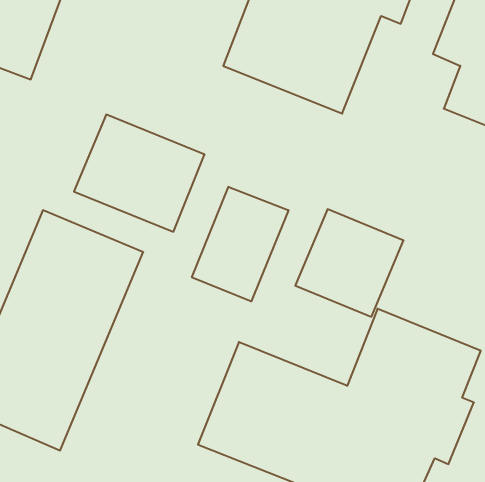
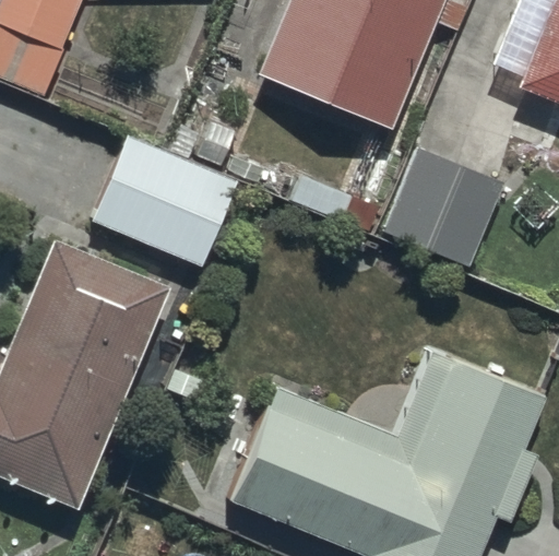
building: [192,187,288,301] -> none
building: [295,209,404,317] -> [383,146,504,267]

